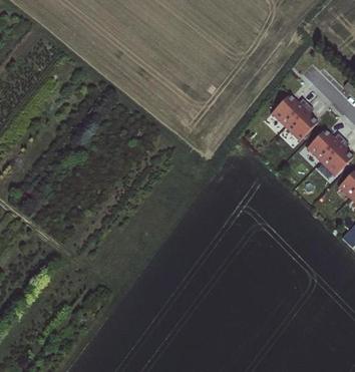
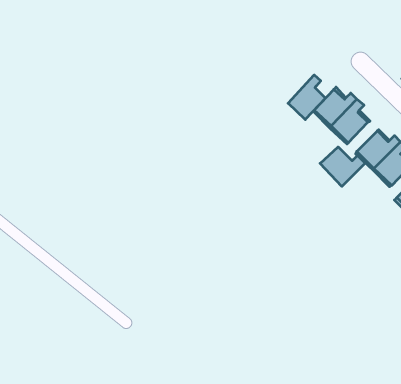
building: none -> [288,75,325,120]
building: none -> [320,147,365,186]

